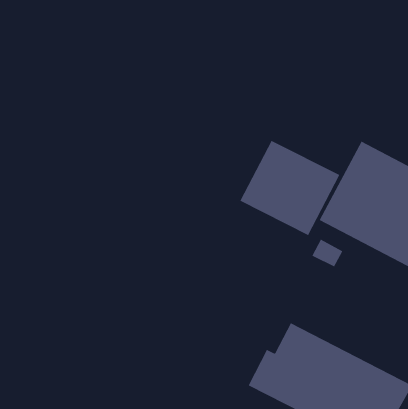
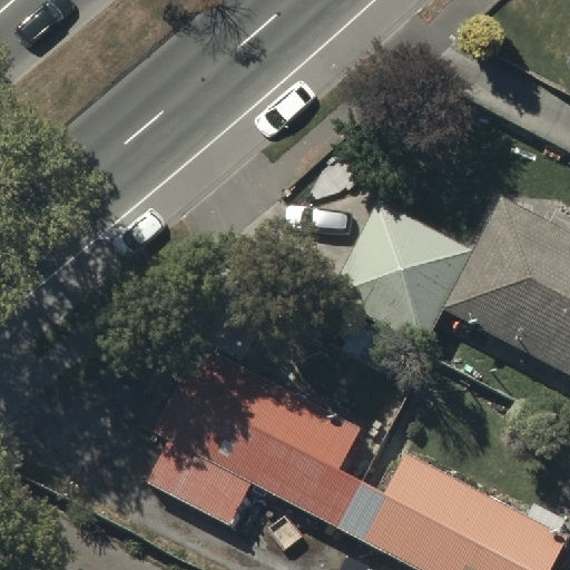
building: none -> [153,346,374,537]

